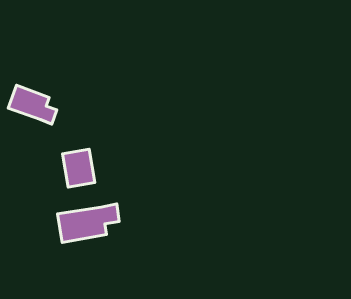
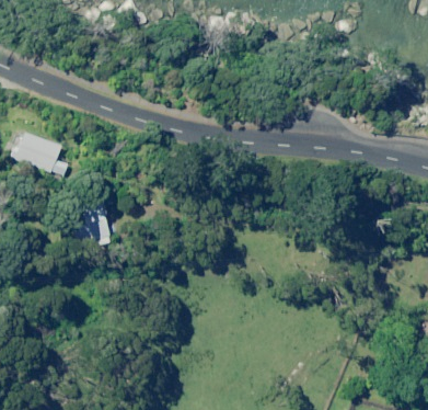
building: [57,204,119,242] -> none

